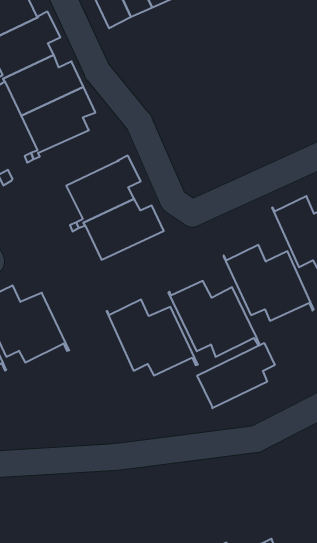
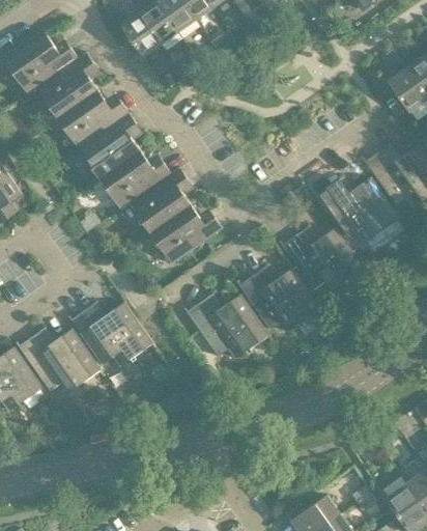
building: none -> [98,150,171,209]
building: [197,343,275,408] -> none

